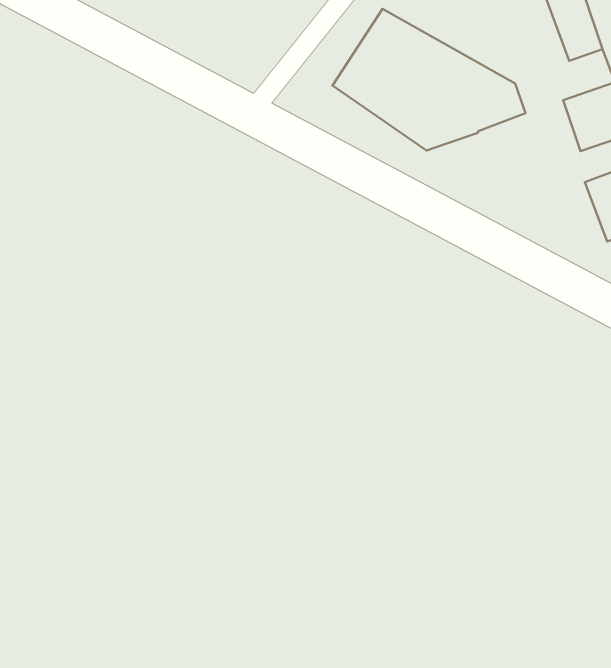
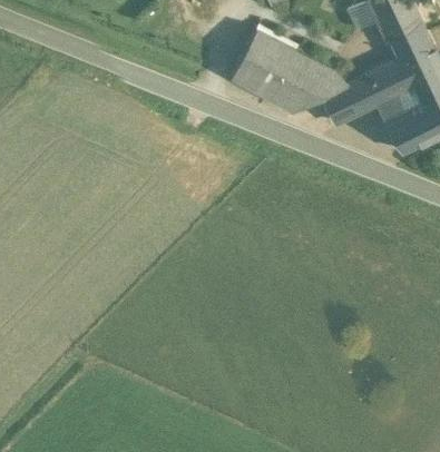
building: none -> [321,75,382,127]

